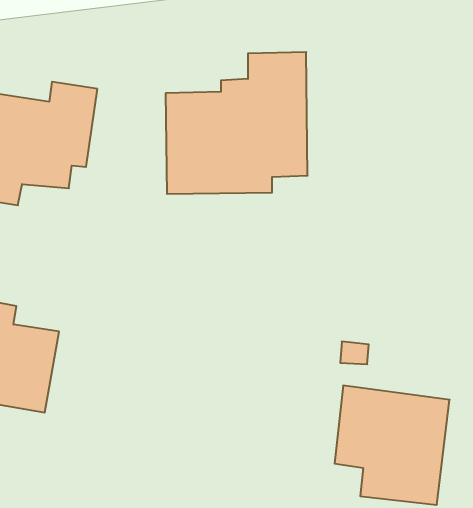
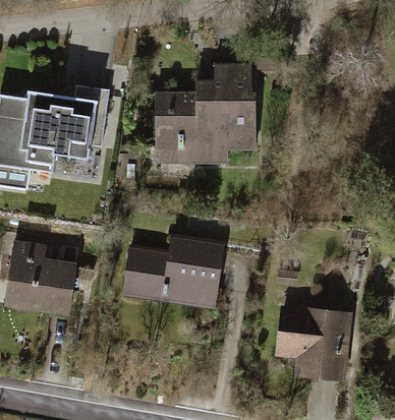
building: none -> [123,230,227,311]

